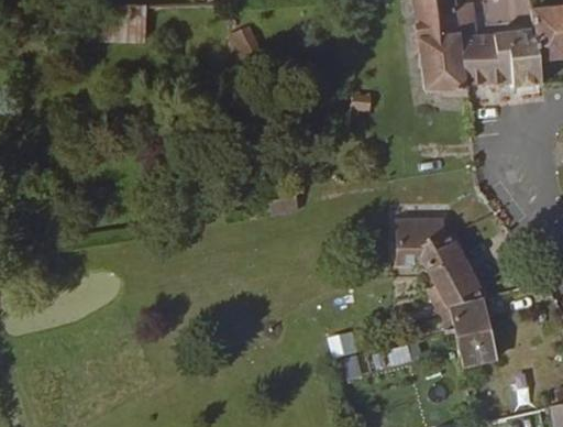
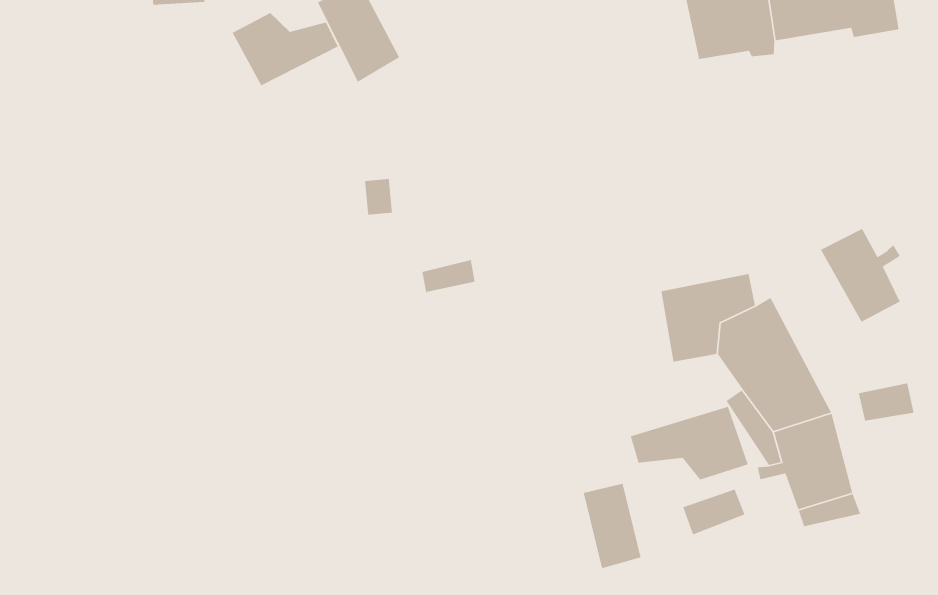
building: none -> [232,12,339,86]
building: none -> [820,228,901,323]
building: none -> [630,406,749,480]

